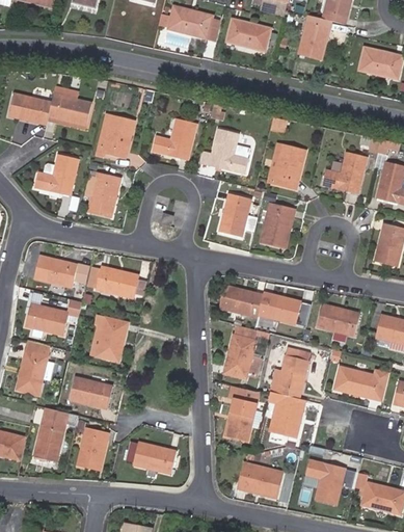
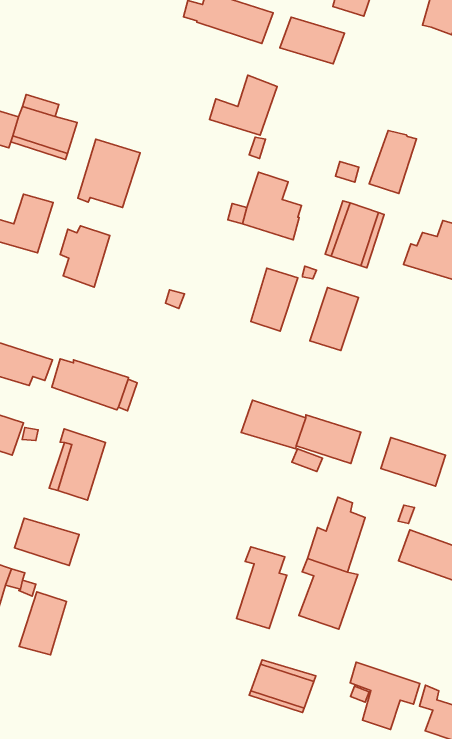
building: [299,16,329,58] -> [369,131,416,193]
building: [153,118,197,159] -> [210,75,277,135]
building: [224,324,270,377] -> none
building: [126,441,176,478] -> none

